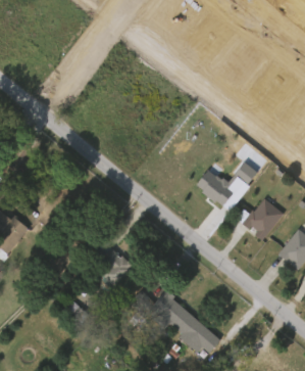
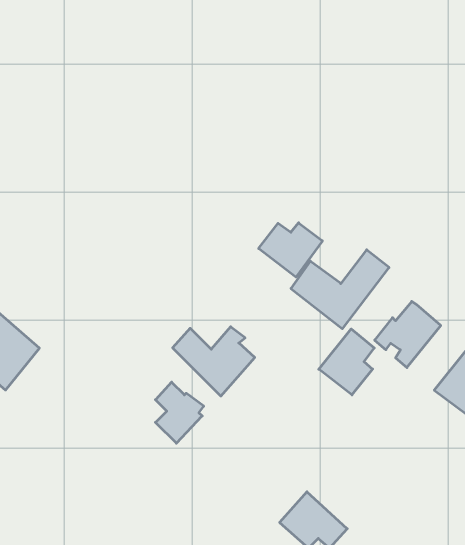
building: none -> [259,223,322,277]
building: none -> [319,329,374,395]
building: [133,289,185,333] -> [173,327,255,396]

